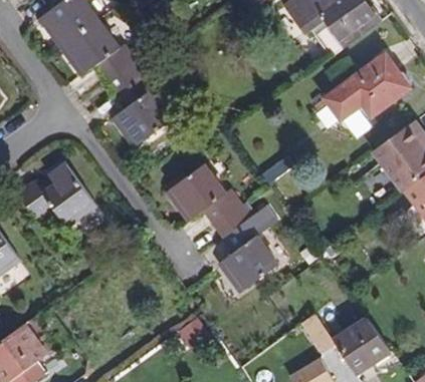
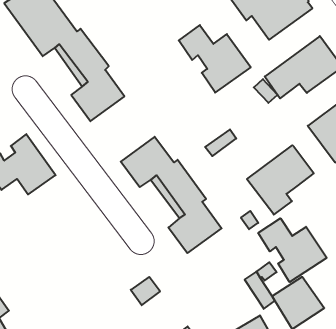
building: none -> [179,25,251,93]
building: none -> [247,145,314,215]
building: none -> [258,218,327,282]

